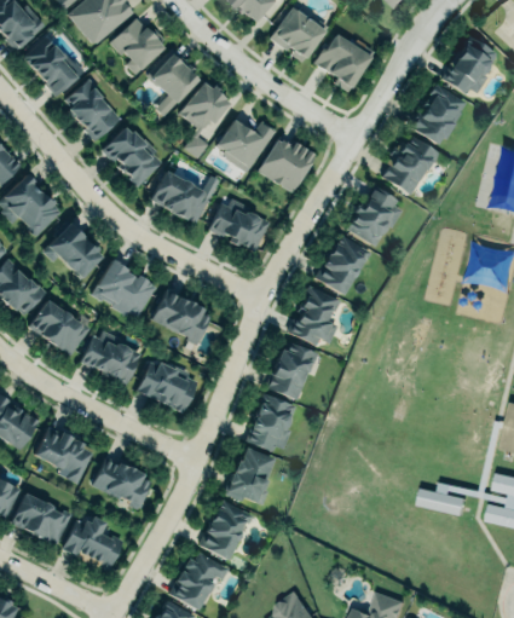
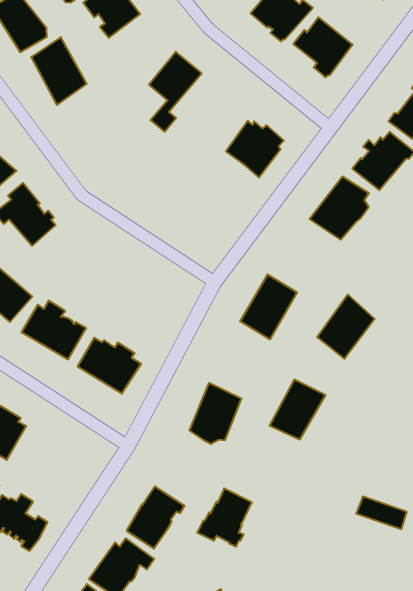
building: [148,48,200,116] -> none
building: [218,120,278,169] -> none
building: [103,127,162,186] -> none
building: [151,172,212,224] -> none
building: [209,198,271,253] -> none
building: [317,232,370,294] -> [317,295,375,359]
building: [92,259,158,317] -> none
building: [154,290,213,346] -> none
building: [267,342,318,399] -> [269,380,326,440]
building: [225,449,275,503] -> [197,488,252,547]
building: [93,457,152,508] -> none

